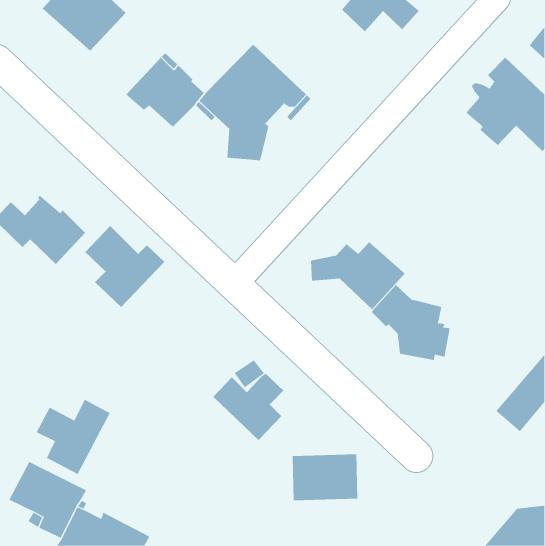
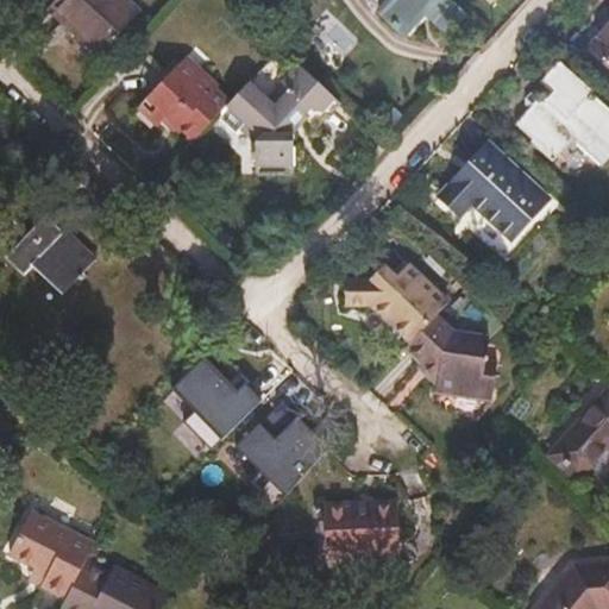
building: none -> [433,145,547,239]
building: [85,225,165,308] -> [174,353,263,445]
building: [36,399,111,475] -> none

